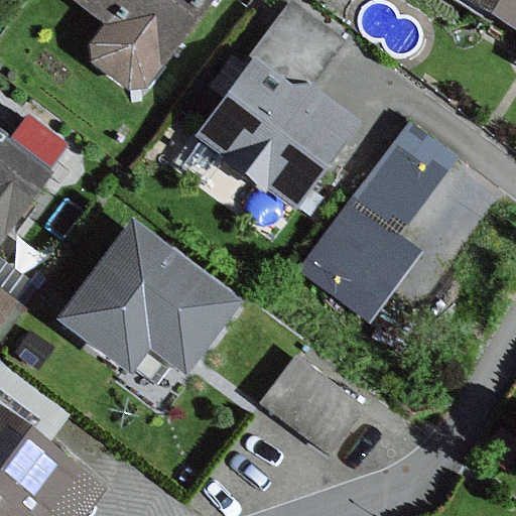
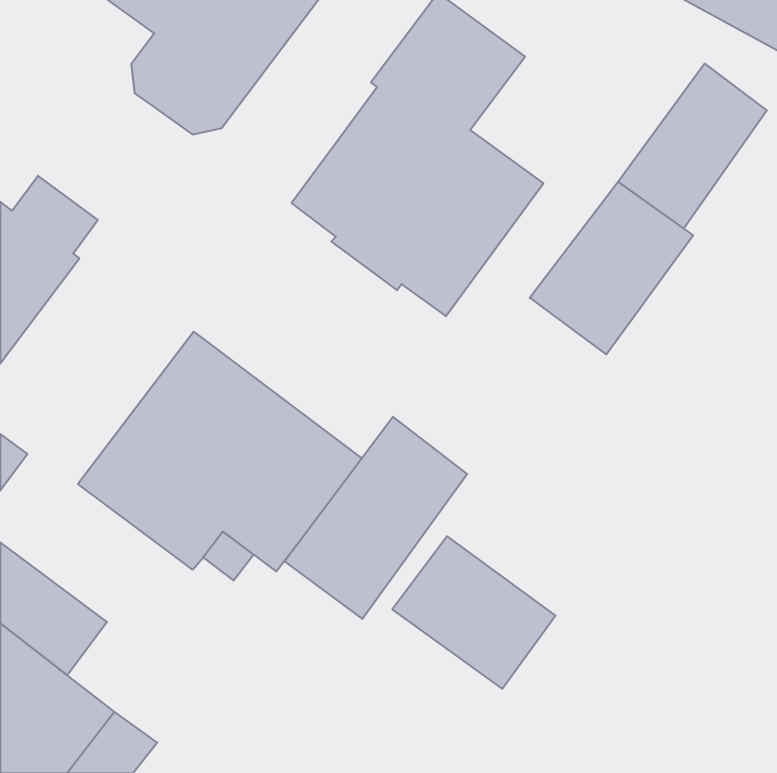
building: none -> [618,64,767,229]
building: [297,197,423,322] -> none
building: none -> [285,417,467,619]

